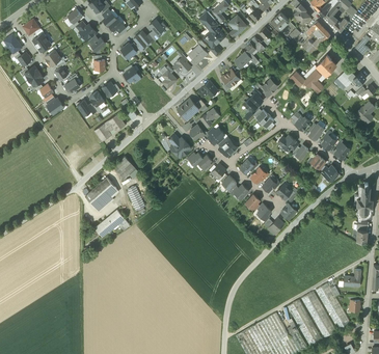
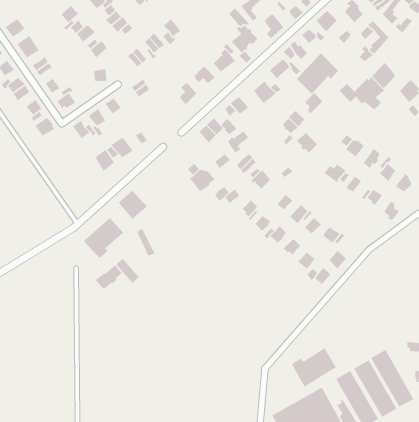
building: none -> [296,53,339,94]
building: none -> [291,347,337,388]

